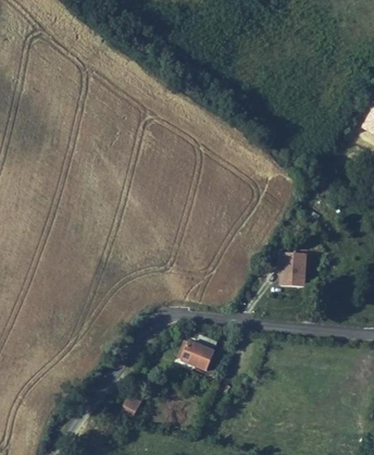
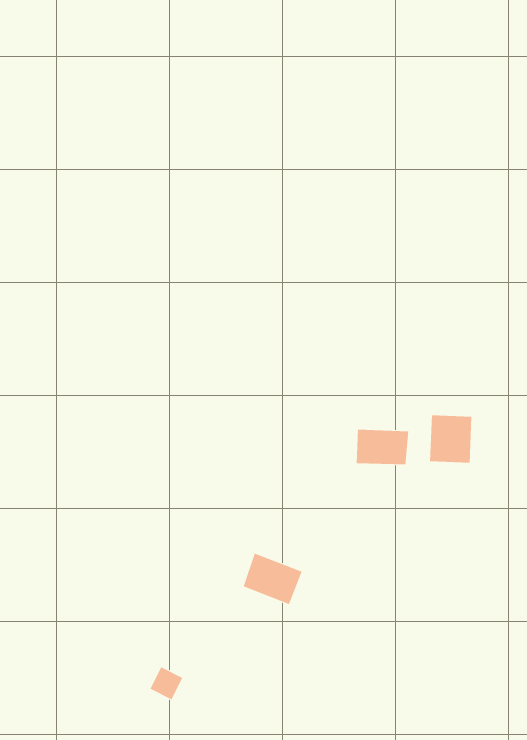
building: none -> [356,429,409,465]

